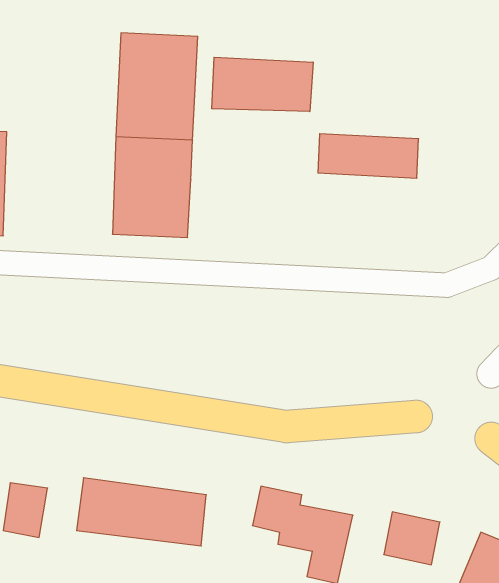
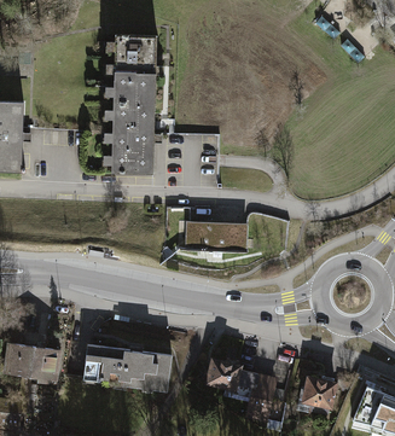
building: [212,57,313,112] -> none
building: [318,134,419,178] -> [180,220,251,251]

